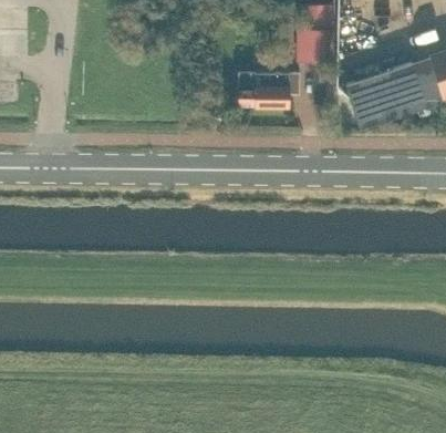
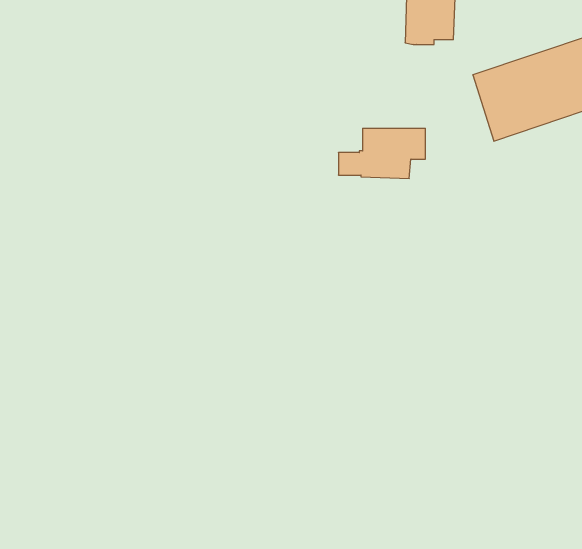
building: [239,73,299,107] -> [338,128,425,178]

